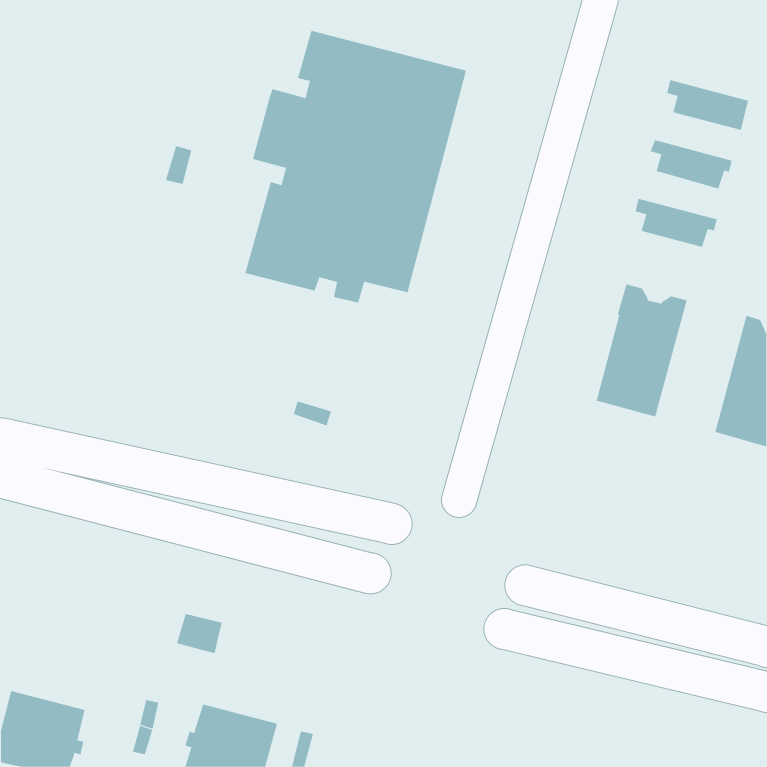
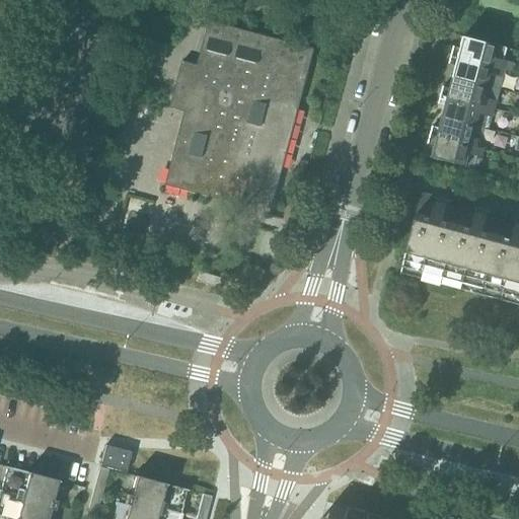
building: none -> [452,35,508,68]
building: none -> [442,76,501,108]
building: none -> [431,116,487,148]
building: none -> [443,203,504,292]
building: [176,613,223,654] -> [100,445,132,472]

